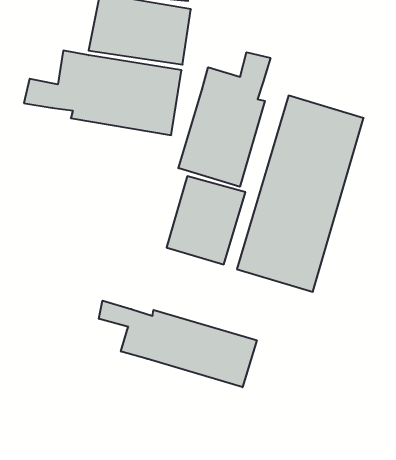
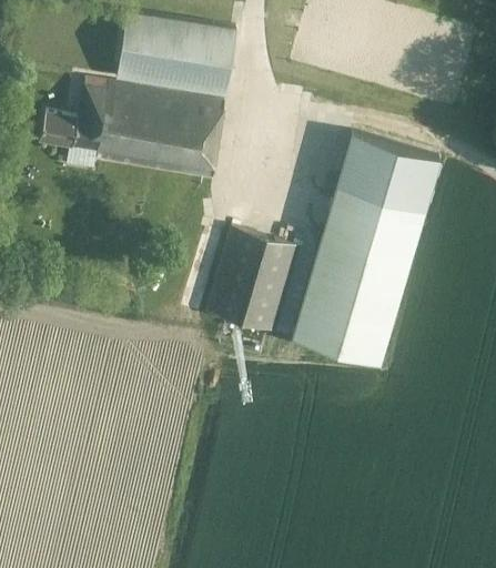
building: [178,52,270,187] -> none
building: [99,301,257,387] -> none

